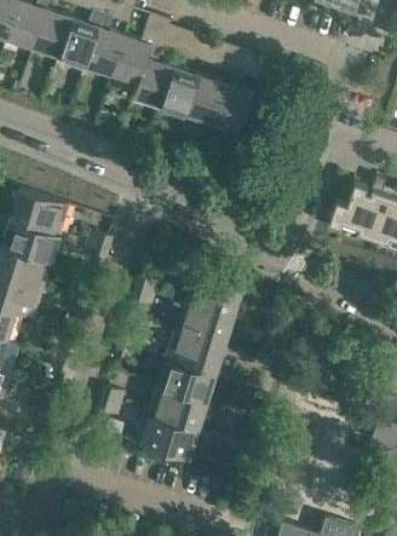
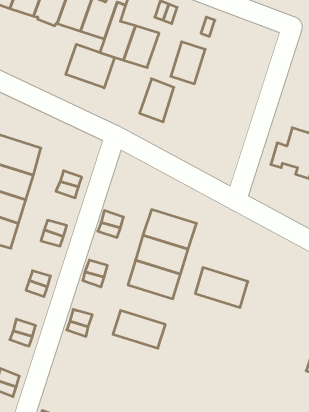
building: [186,79,225,127] -> [140,79,174,122]
building: none -> [66,44,114,88]
building: [156,362,215,407] -> [195,268,248,307]
building: [139,417,198,462] -> none

